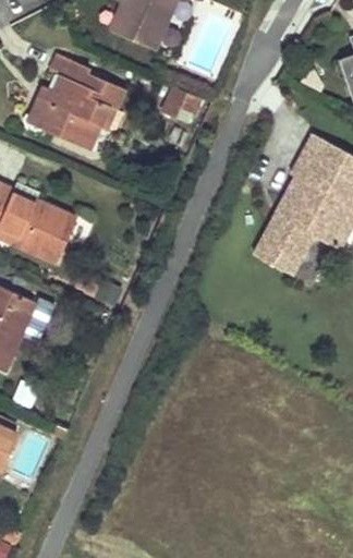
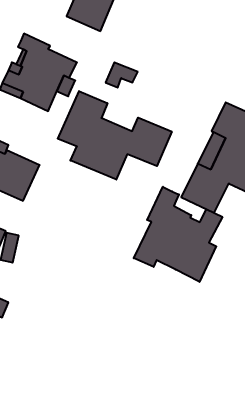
building: none -> [58,91,172,180]
building: none -> [134,187,222,282]

